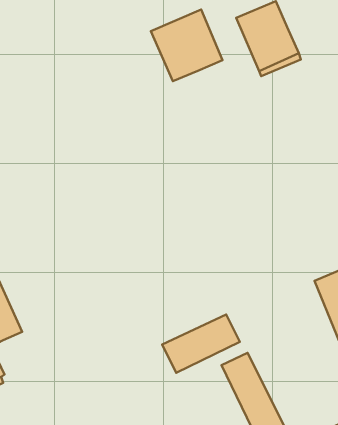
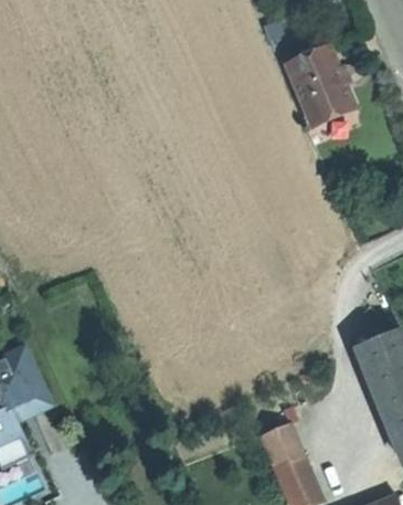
building: [151,9,223,81] -> none
building: [162,314,240,373] -> none

